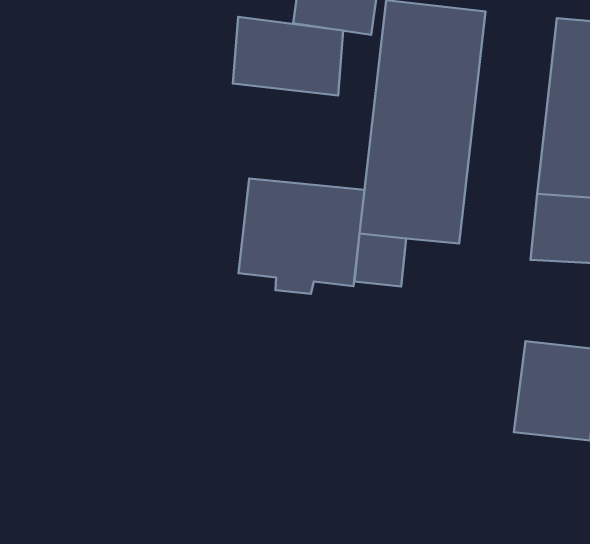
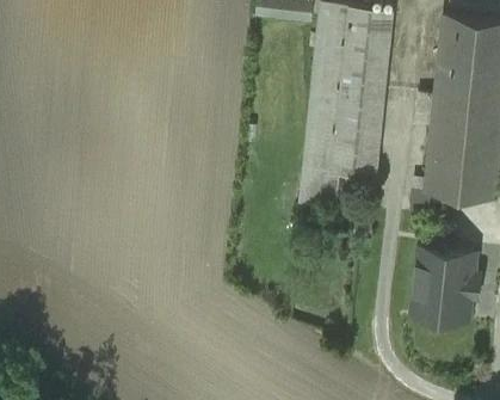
building: [233,17,343,95] -> none
building: [239,179,365,294] -> none

